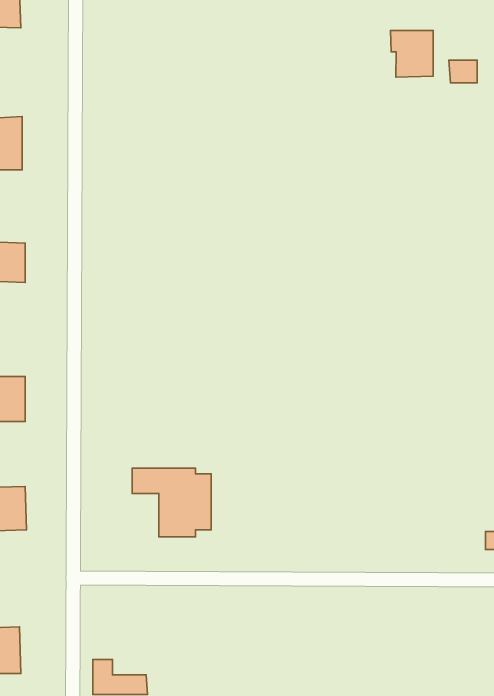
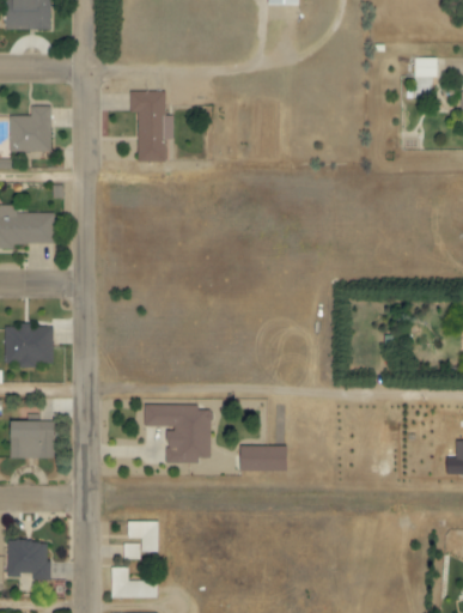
building: [391,30,433,77] -> none
building: none -> [129,91,173,162]
building: none -> [239,445,287,472]
building: none -> [129,521,158,551]

